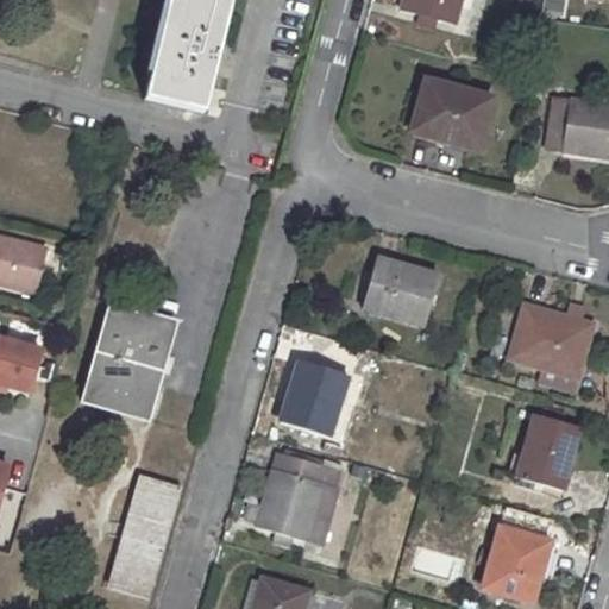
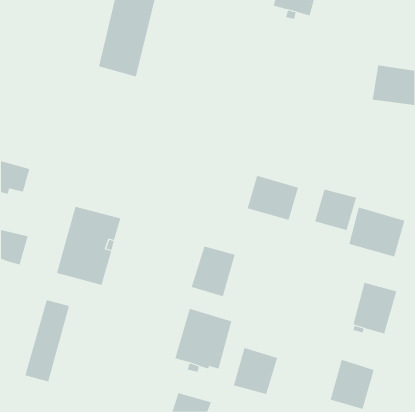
building: [410,79,490,147] -> none
building: none -> [315,189,357,231]
building: [113,475,180,596] -> [24,299,70,382]
building: none -> [233,347,278,395]

